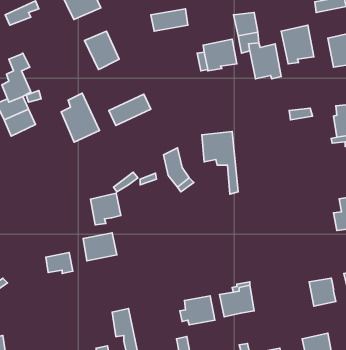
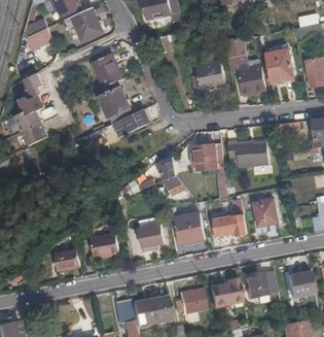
building: [61,93,100,142] -> [100,80,134,124]
building: none -> [227,141,269,169]
building: [91,193,121,225] -> [139,224,166,251]
building: none -> [254,198,280,226]
building: none -> [177,212,206,243]
building: none -> [215,213,249,235]
building: none -> [246,270,278,296]
building: none -> [142,297,172,325]

